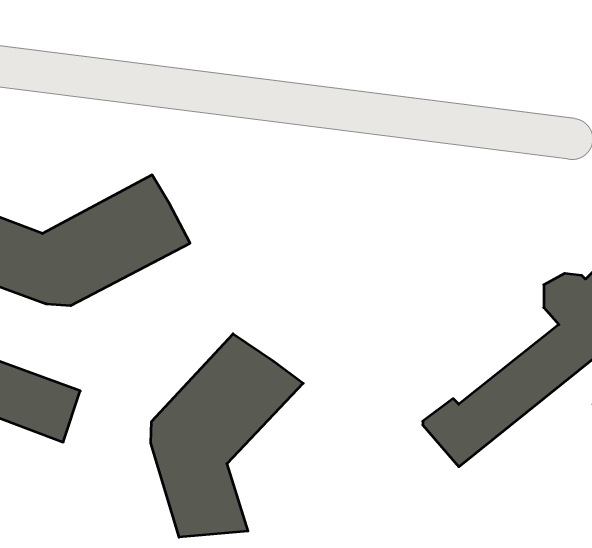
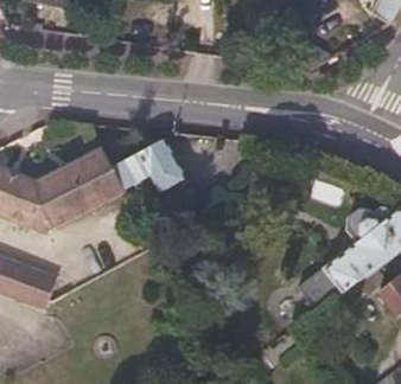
building: none -> [113,136,187,194]
building: [151,334,303,537] -> none

